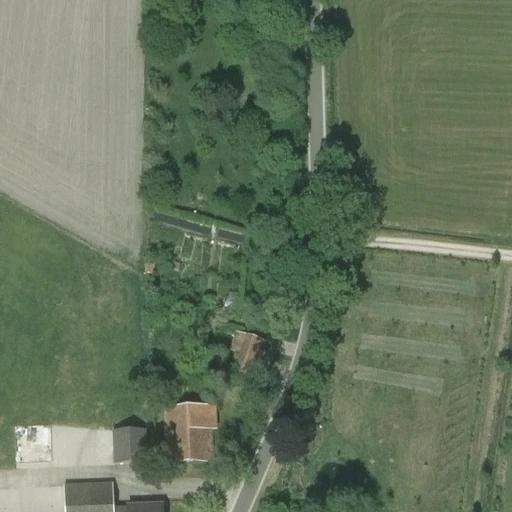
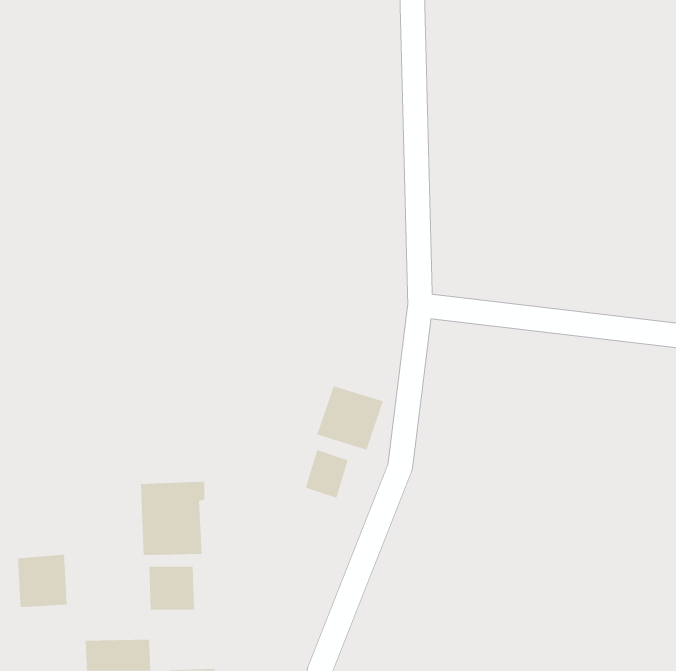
building: none -> [317,385,384,450]
building: [166,404,215,460] -> [140,481,205,556]

